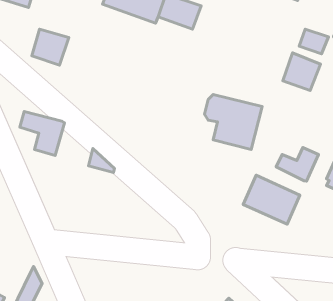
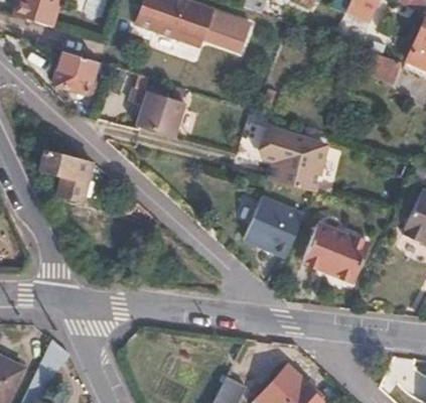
building: [283,53,320,90] -> none
building: none -> [128,88,184,138]
building: [276,147,319,181] -> none
building: none -> [243,194,304,255]

